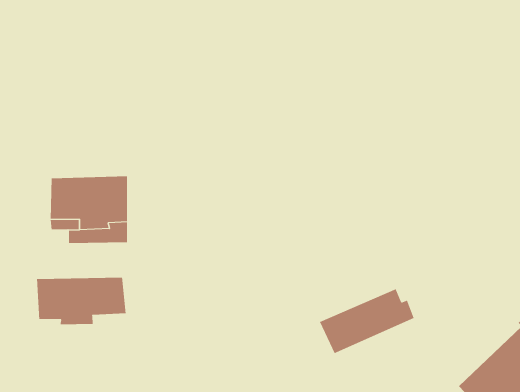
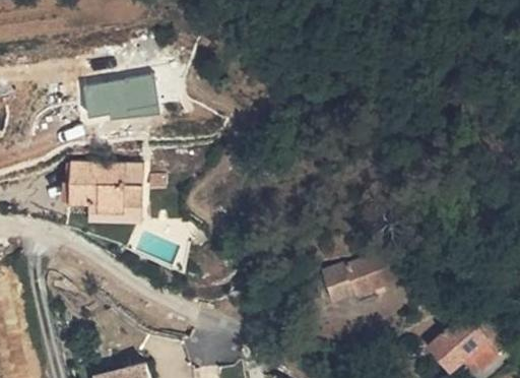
building: none -> [89,74,167,117]
building: [37,277,126,325] -> none

